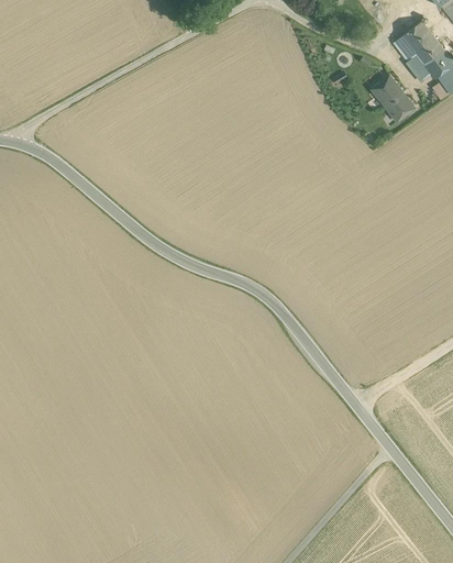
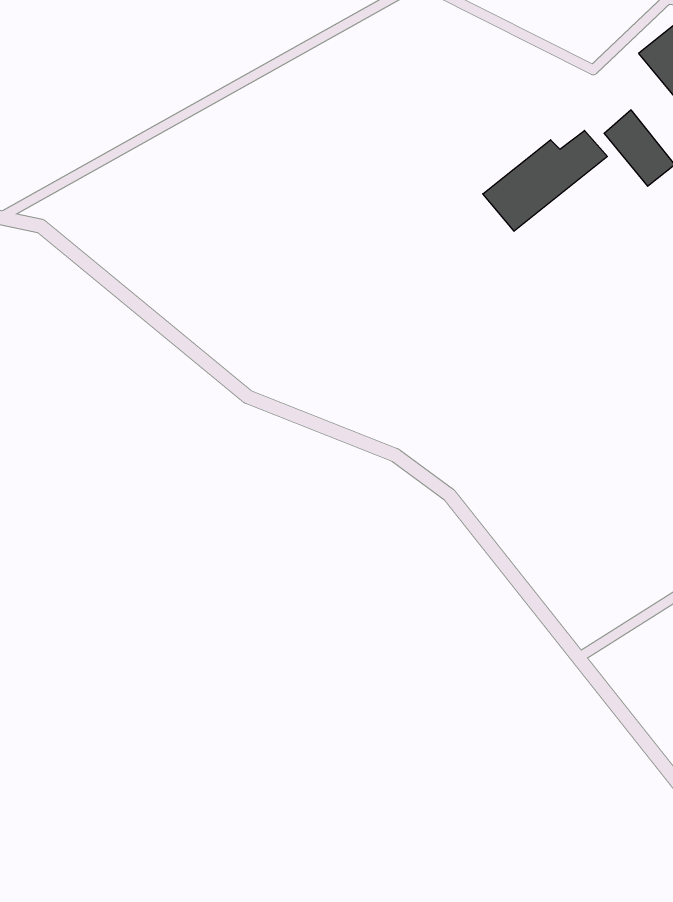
building: none -> [483,130,607,231]

